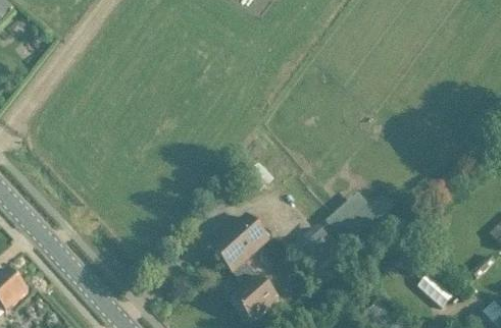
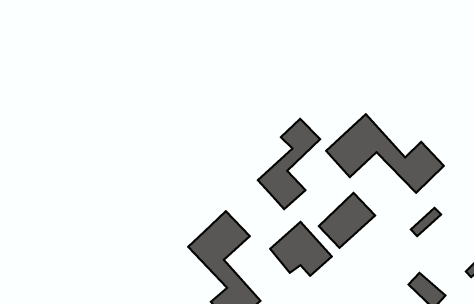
building: none -> [326,114,444,193]
building: none -> [258,119,320,209]

